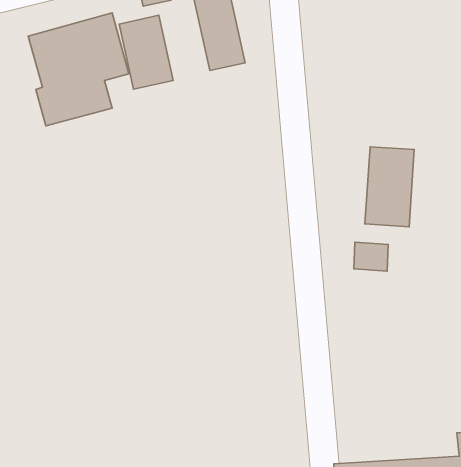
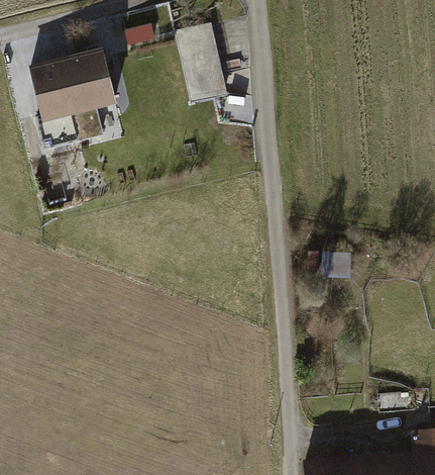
building: [119,15,173,89] -> none
building: [365,147,414,227] -> none

